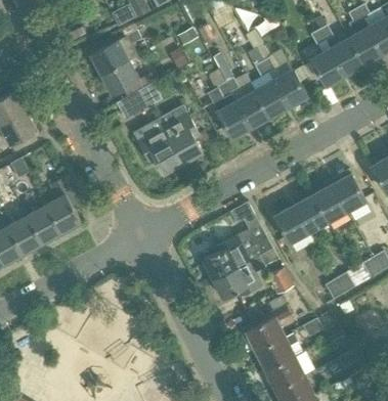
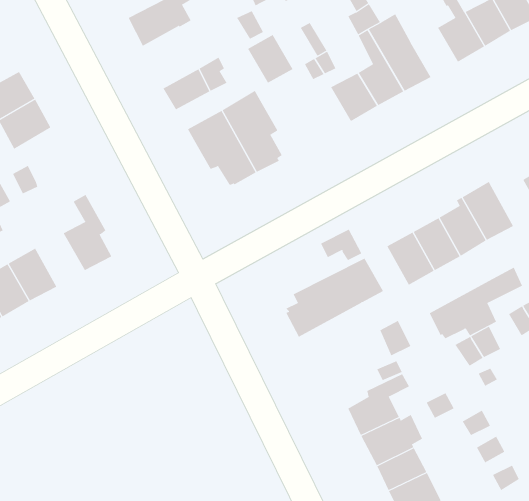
building: [101,60,137,94] -> none
building: [216,103,249,138] -> [247,34,294,84]
building: [26,207,60,244] -> none
building: [212,248,278,299] -> [429,267,523,339]

